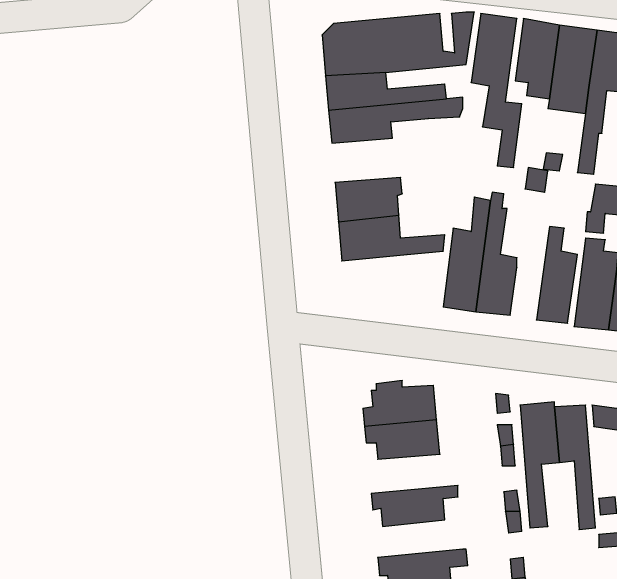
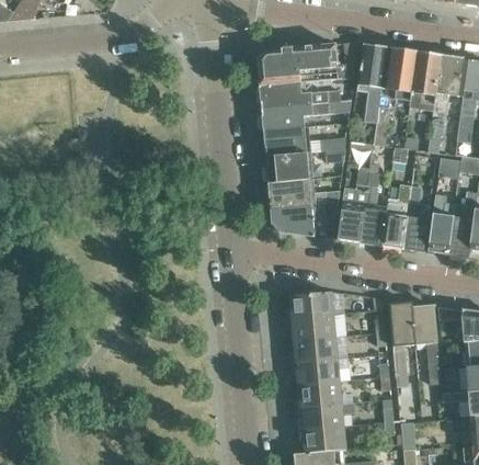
building: none -> [264,126,346,162]
building: none -> [384,191,409,248]
building: none -> [271,202,339,236]
building: none -> [289,338,349,364]
building: none -> [294,382,352,407]

